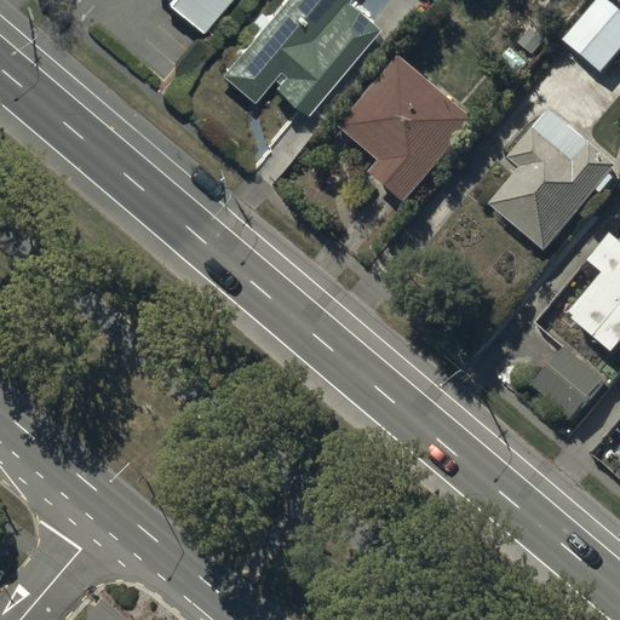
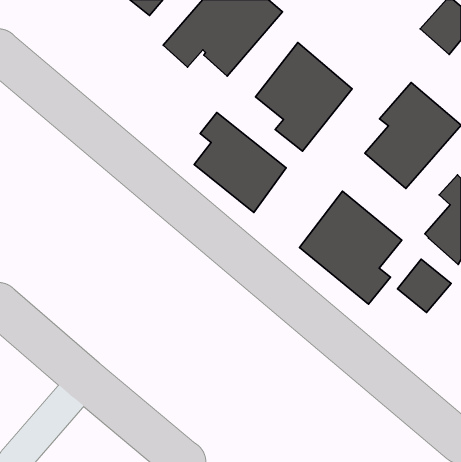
building: none -> [194,113,286,213]
building: none -> [299,191,402,304]

